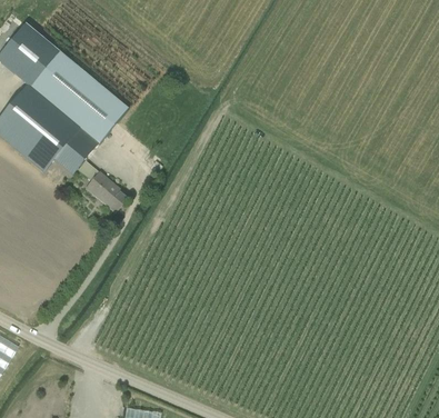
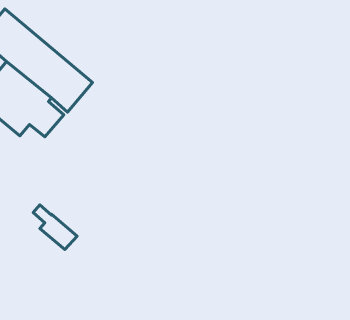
building: [78,159,129,211] -> [33,205,77,250]

